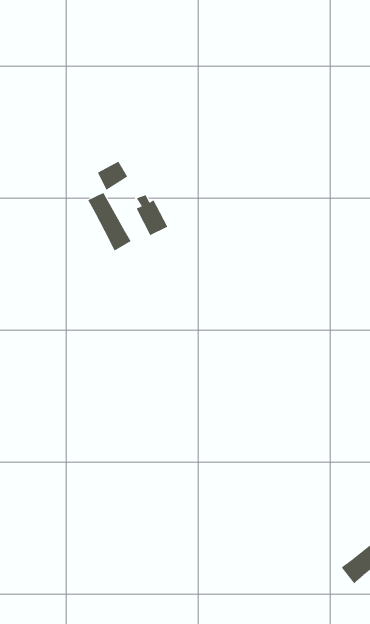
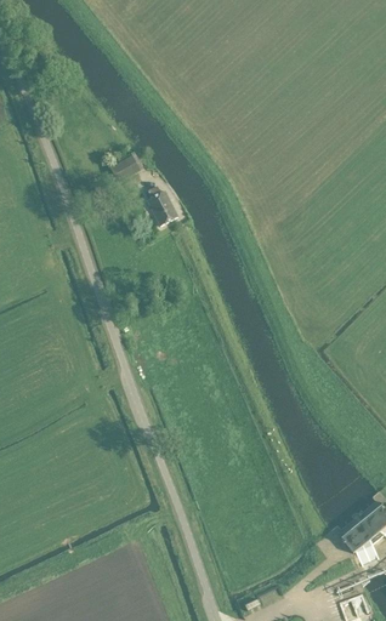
building: [87,192,131,251] -> none

